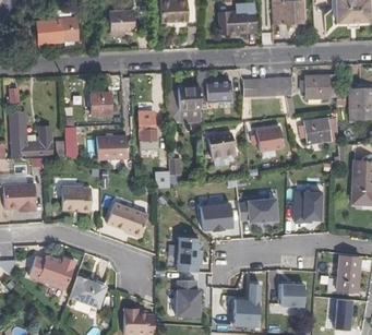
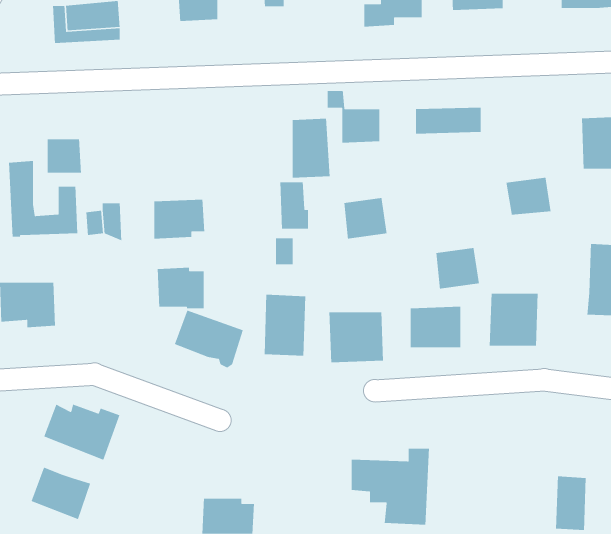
building: [304,75,328,98] -> none
building: [89,94,110,115] -> [47,139,82,174]
building: [137,112,155,141] -> [279,182,309,229]
building: [255,127,281,152] -> [435,247,480,290]
building: [62,183,91,208] -> [157,267,205,309]
building: [176,236,201,273] -> [264,294,306,357]
building: [335,256,358,291] -> none
building: [70,276,106,308] -> [30,467,91,520]
building: [168,279,200,318] -> none
building: [279,283,304,314] -> none

